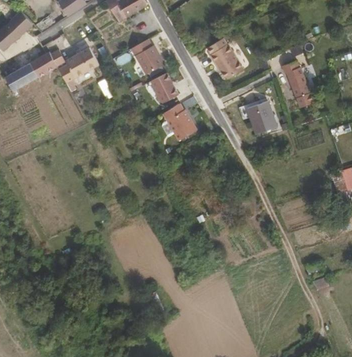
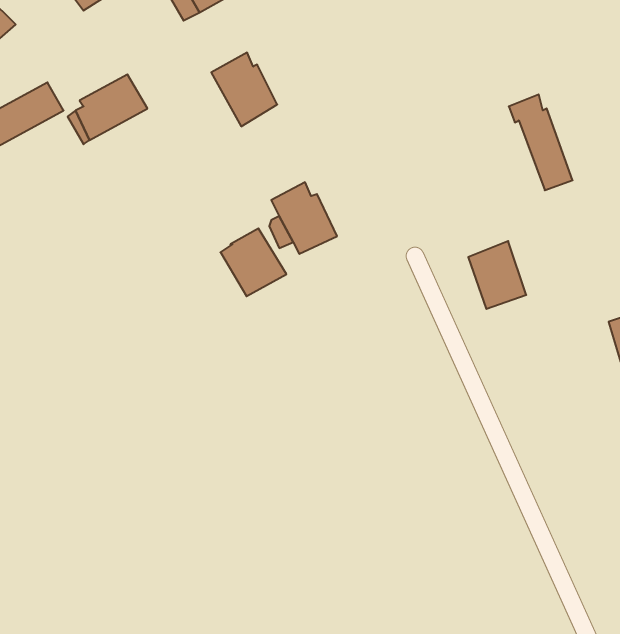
building: [204,37,242,79] -> none
building: [146,70,179,104] -> [220,228,286,296]
building: [246,97,275,131] -> [468,241,526,309]

